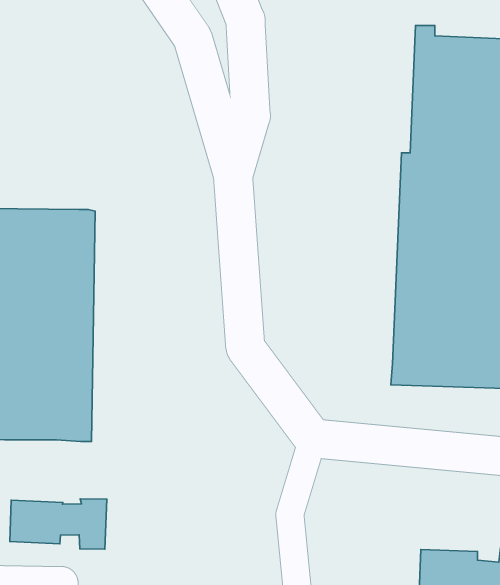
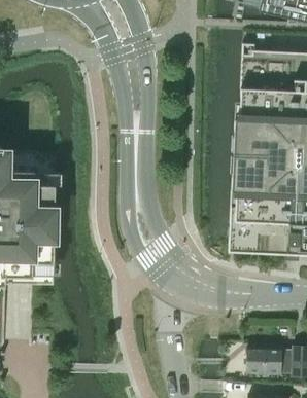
building: [10,499,107,549] -> none

